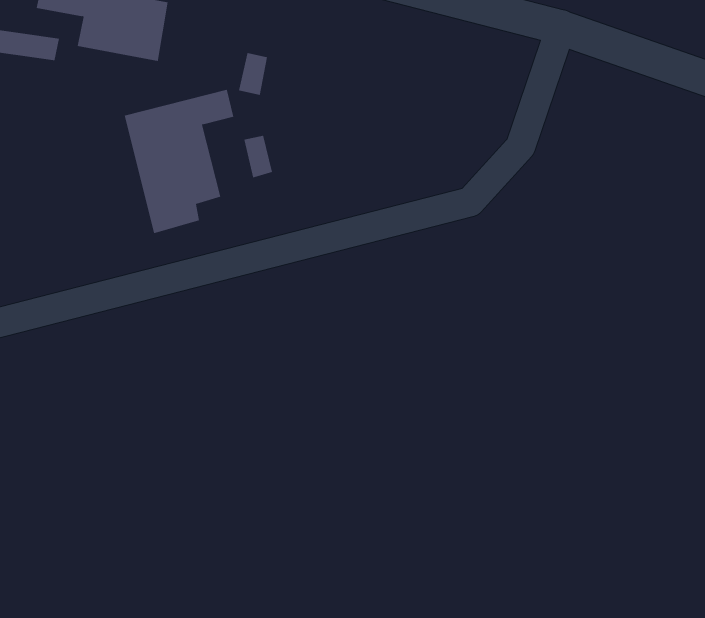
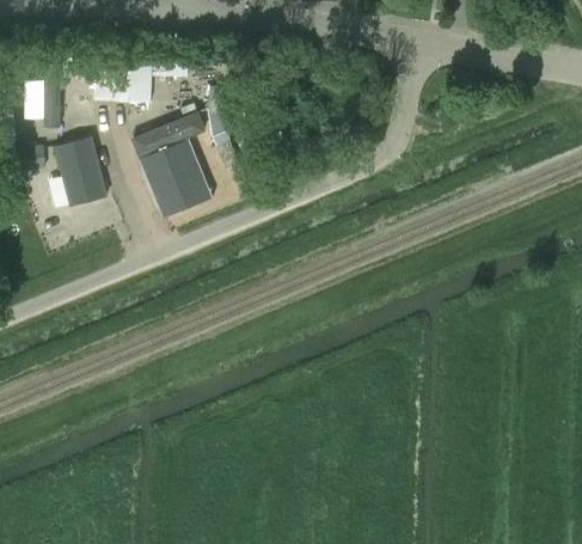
building: none -> [56,134,110,206]

